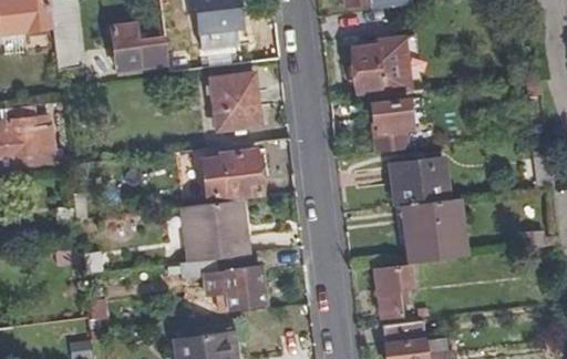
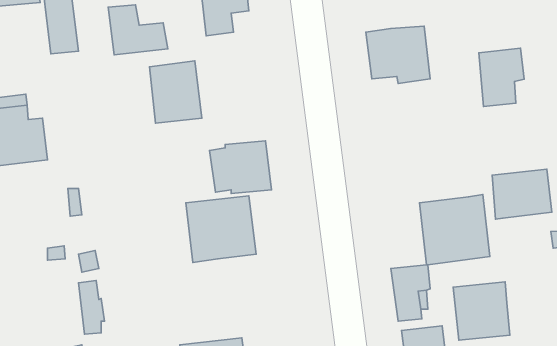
building: [212,72,260,130] -> [149,61,202,123]
building: [371,98,413,152] -> [479,48,524,107]
building: [391,161,446,207] -> [492,169,552,219]
building: [179,258,267,307] -> none
building: none -> [453,282,510,340]

